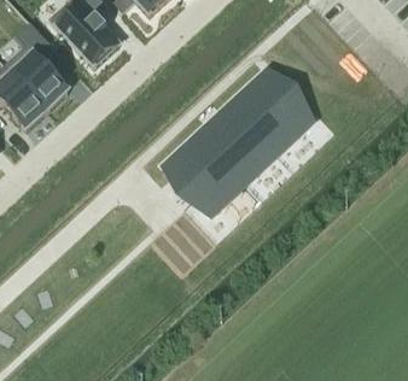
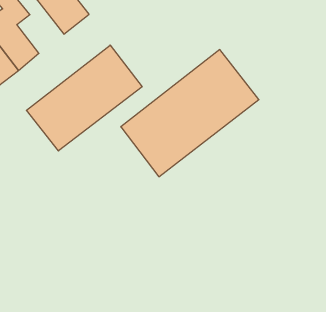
building: none -> [26,45,142,151]

